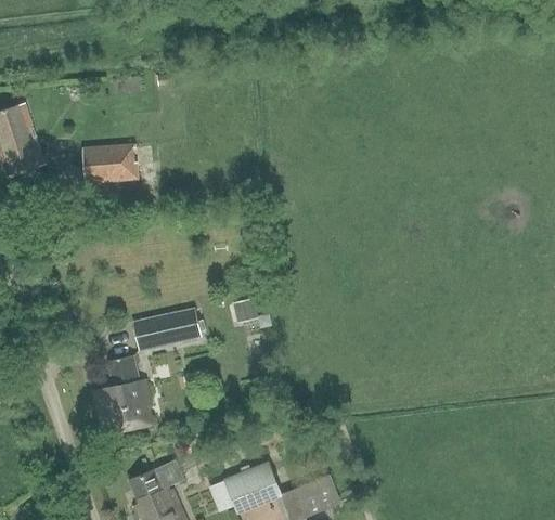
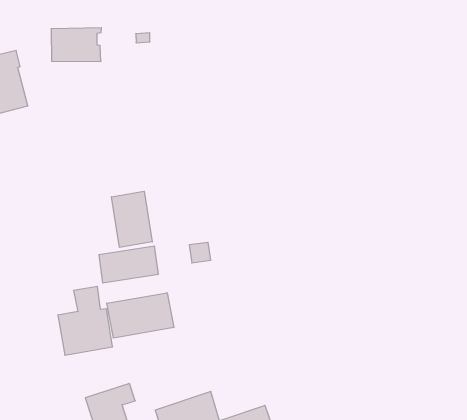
building: [81,143,139,184] -> [51,28,101,61]
building: none -> [112,191,152,247]
building: none -> [107,293,174,338]

